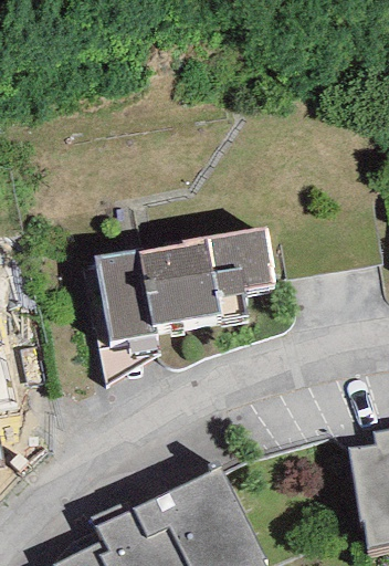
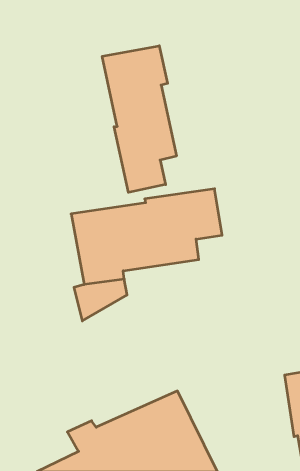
building: none -> [102,46,176,192]

